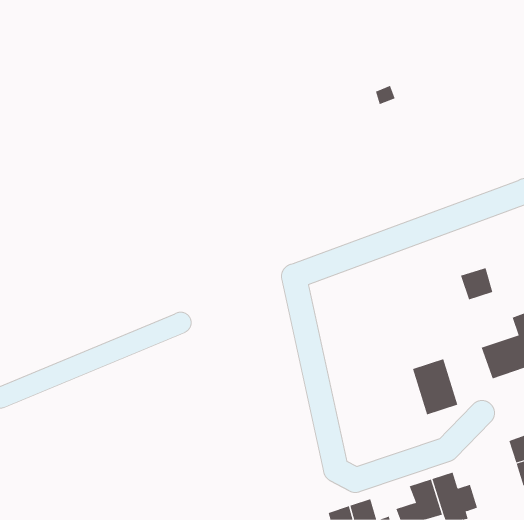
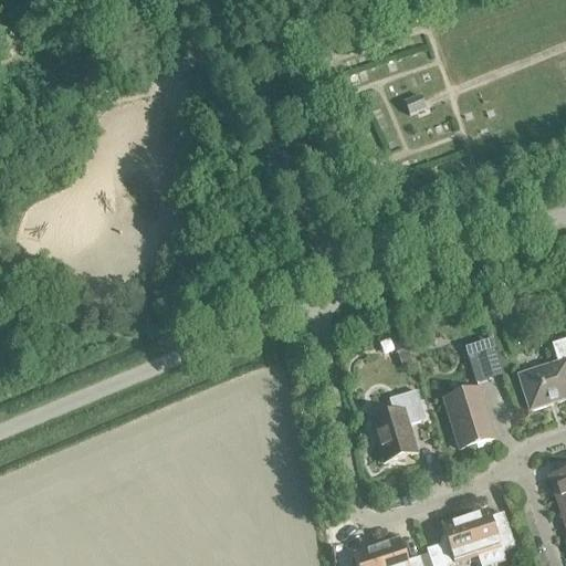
building: [460,267,493,300] -> [468,345,503,380]
building: none -> [370,388,426,461]

